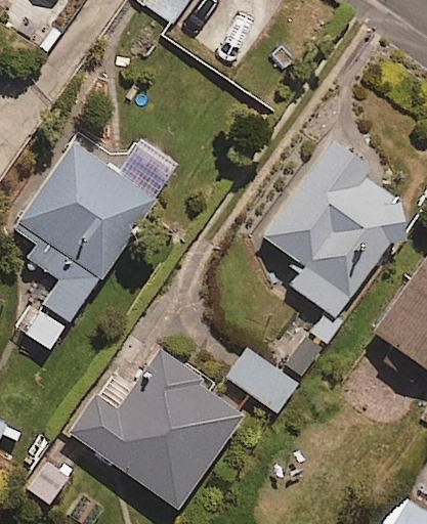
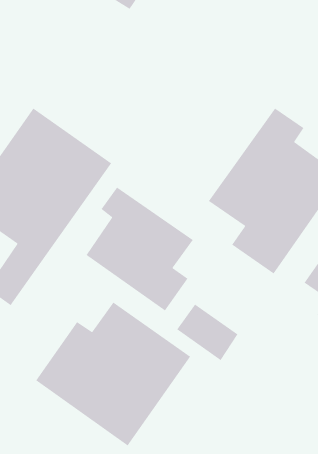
building: none -> [86,186,194,312]

